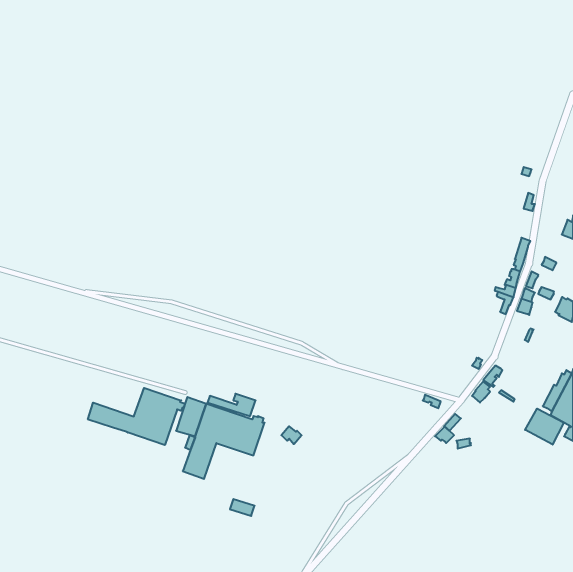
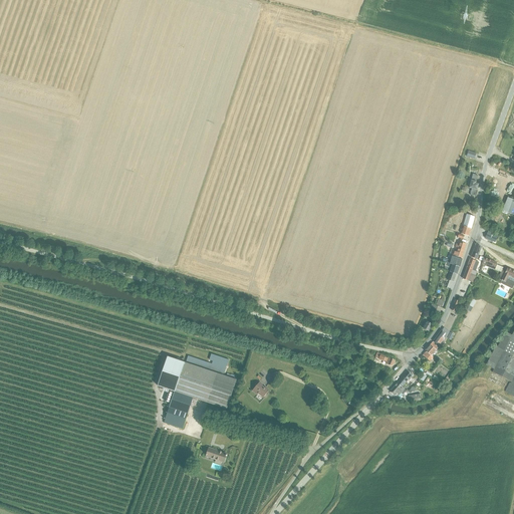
building: [88,388,185,445] -> none
building: [525,409,564,445] -> none

